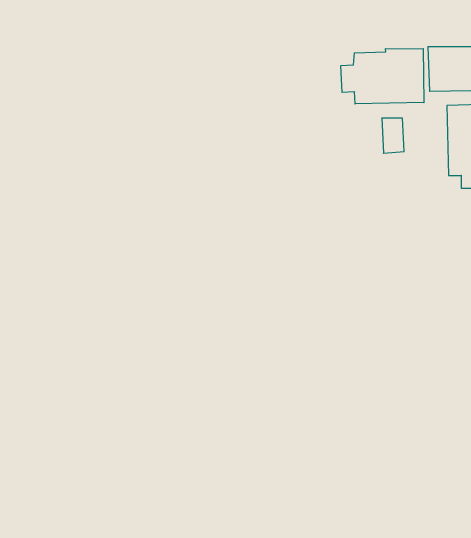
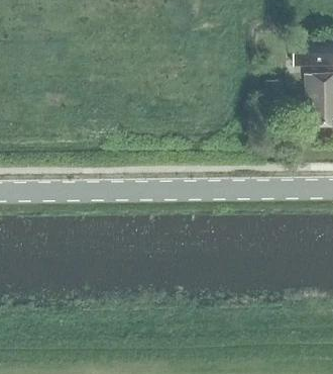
building: [341,49,424,104] -> none

